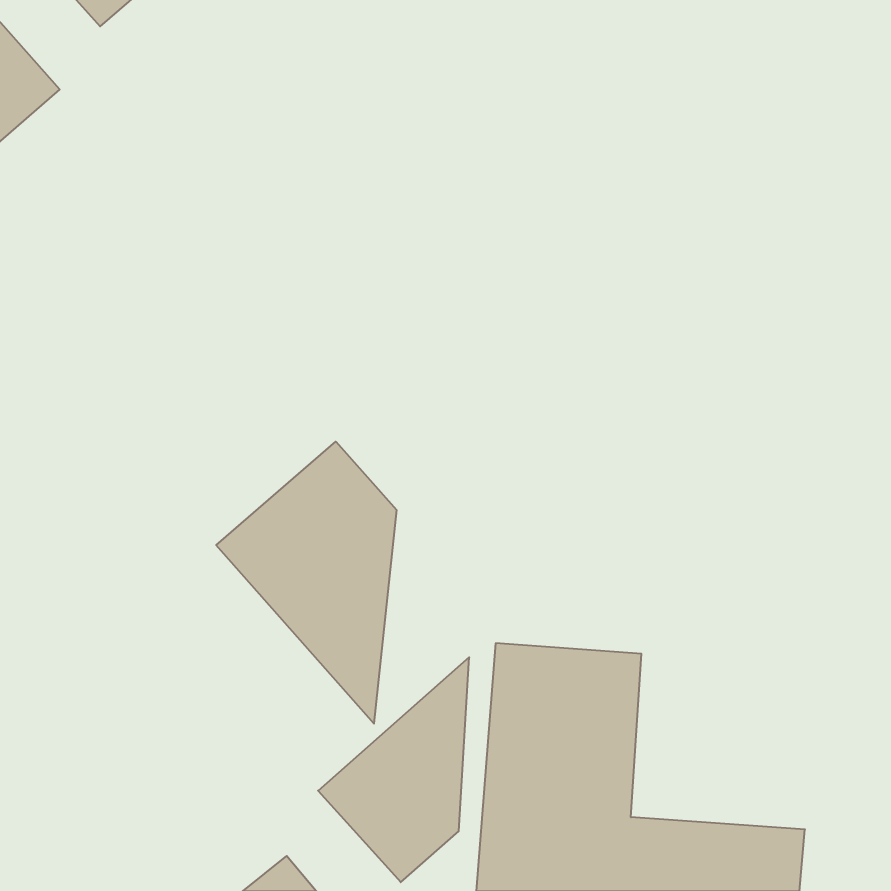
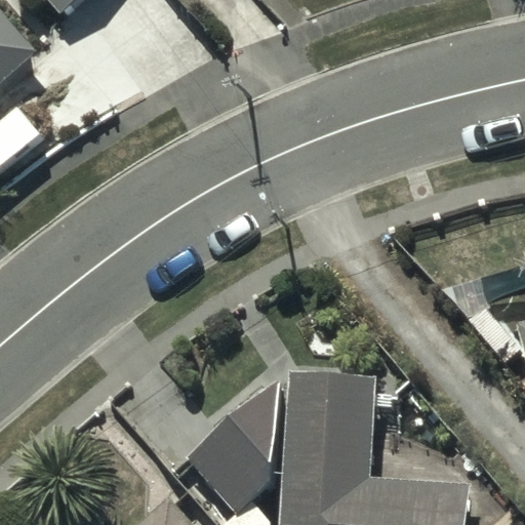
building: [216,442,396,724] -> none

